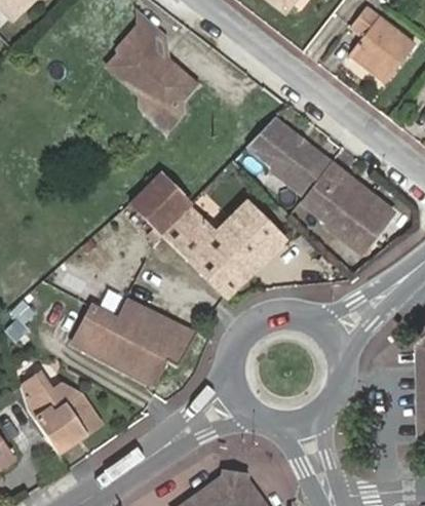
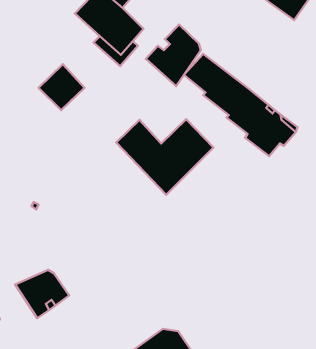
building: none -> [146,24,201,86]
building: [131,172,190,231] -> [39,64,85,110]
building: [72,299,196,385] -> none
building: [22,376,74,412] -> none

